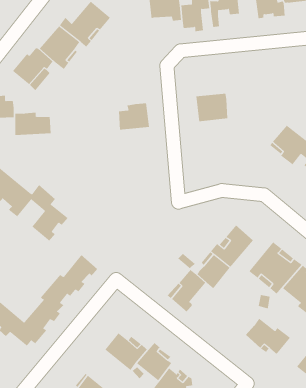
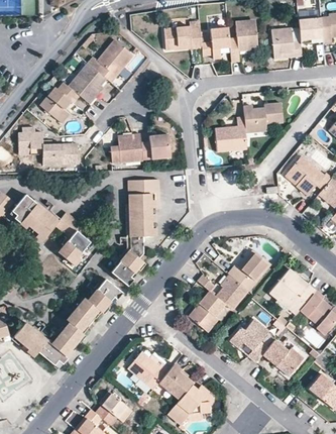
building: none -> [242,103,283,131]
building: none -> [109,132,142,166]
building: none -> [111,179,159,287]
building: none -> [229,318,271,363]

